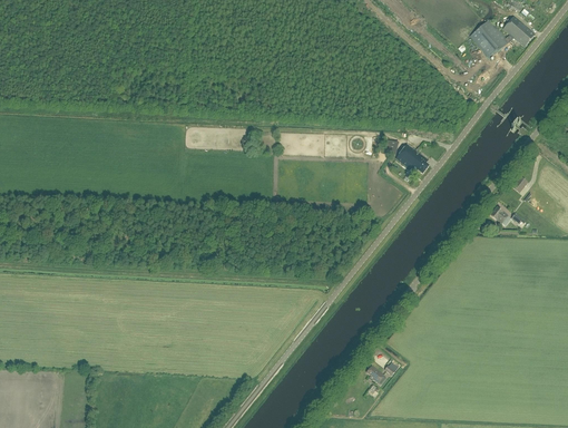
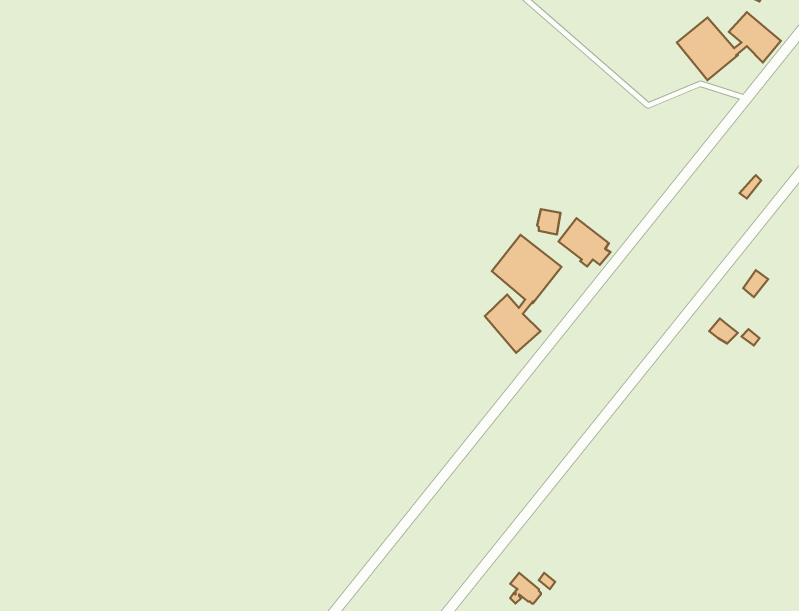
building: none -> [485,235,562,353]

